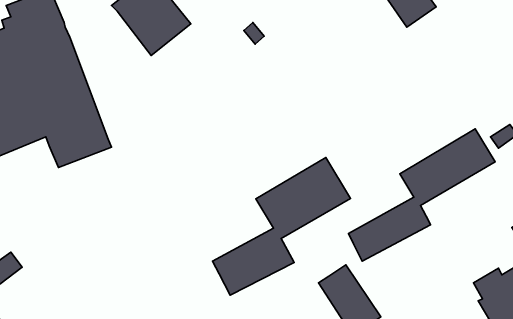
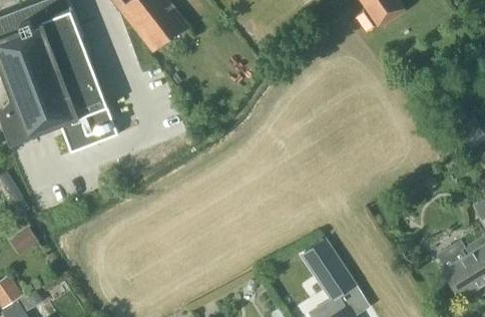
building: [348,129,495,261] -> none
building: [212,157,351,295] -> none

